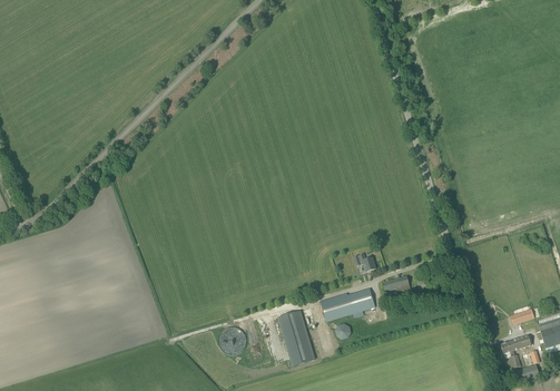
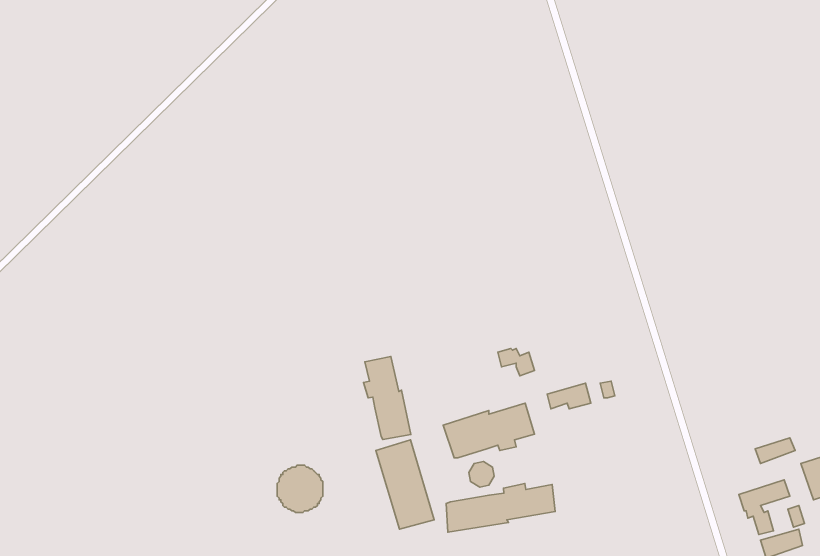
building: none -> [364,356,411,439]
building: none -> [446,484,555,532]

